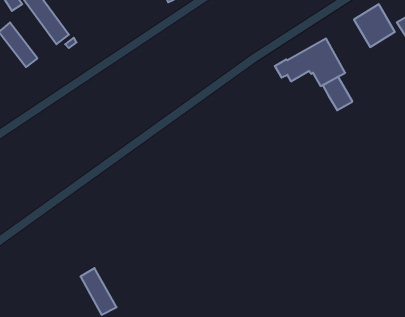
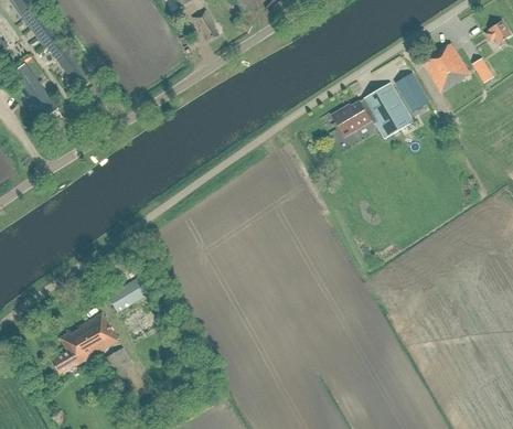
building: [323,77,352,110] -> [395,73,429,111]
building: none -> [108,278,149,312]
building: none -> [51,313,118,374]

